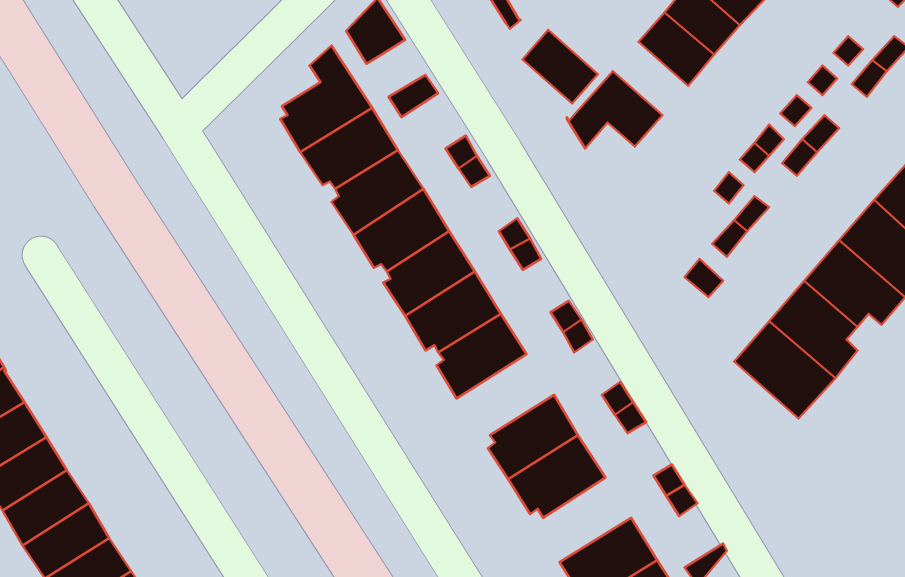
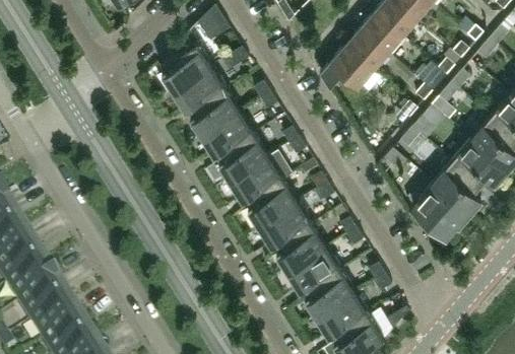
building: [523,30,598,103] -> [345,28,387,69]
building: none -> [259,201,313,245]
building: none -> [305,269,356,315]

